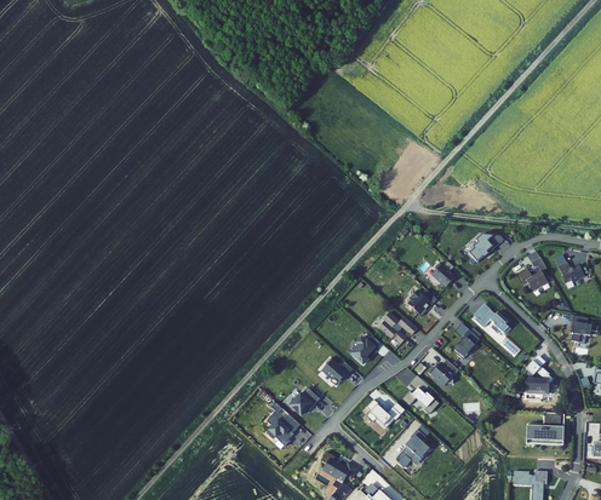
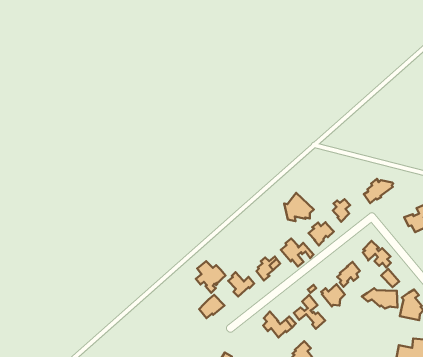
building: none -> [284,193,314,221]
building: none -> [362,288,398,309]
building: [265,410,299,447] -> [196,261,225,293]

